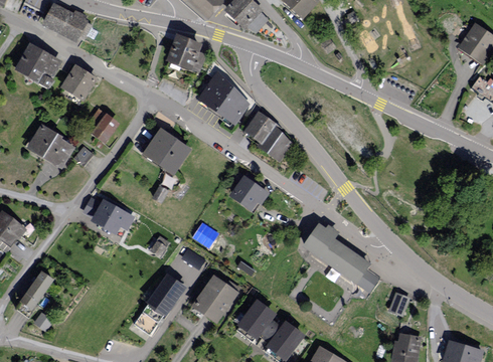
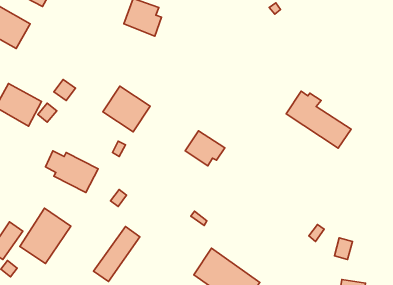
building: [61,62,99,100] -> none
building: [195,68,249,126] -> none
building: [240,110,292,162] -> none
building: [298,227,367,288] -> [286,91,351,148]
building: none -> [20,208,71,263]
building: [192,275,239,324] -> none

